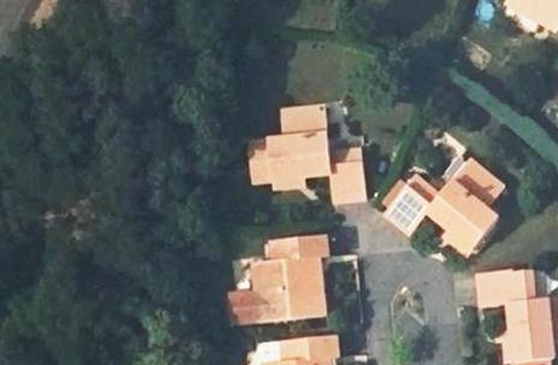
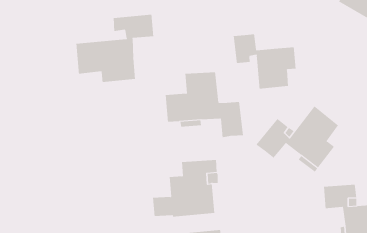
building: none -> [76,14,154,83]
building: none -> [233,33,296,89]

